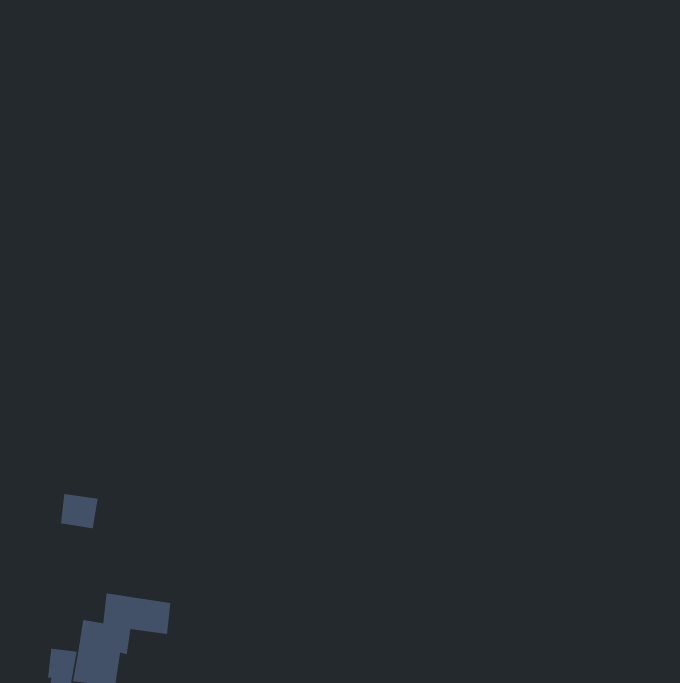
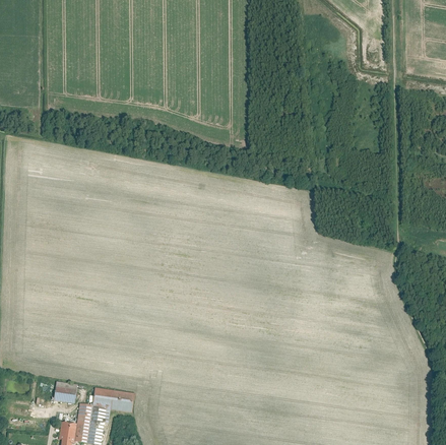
building: [60,493,99,529] -> [54,382,77,403]

